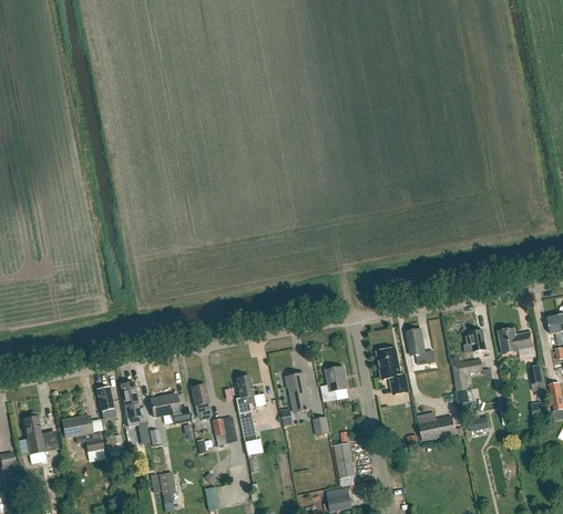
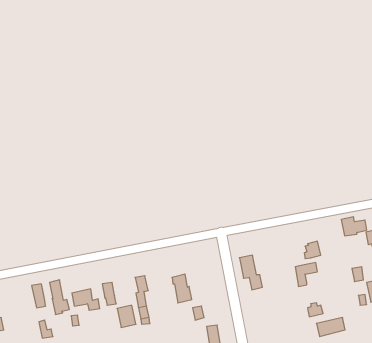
building: [498,327,532,352] -> [341,217,367,236]
building: [407,328,434,363] -> none
building: [320,364,347,400] -> none
building: [62,414,102,450] -> none
building: [418,414,457,440] -> [316,318,345,337]

